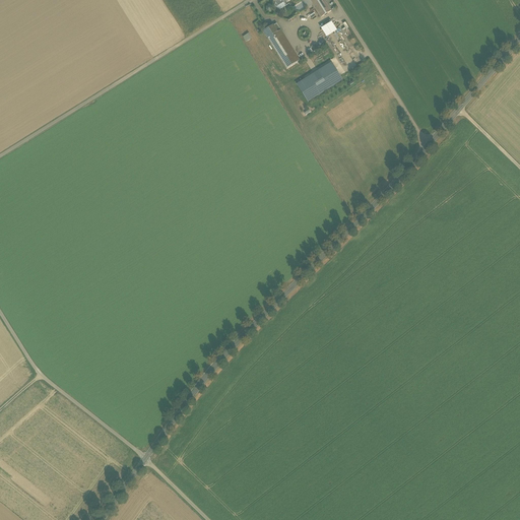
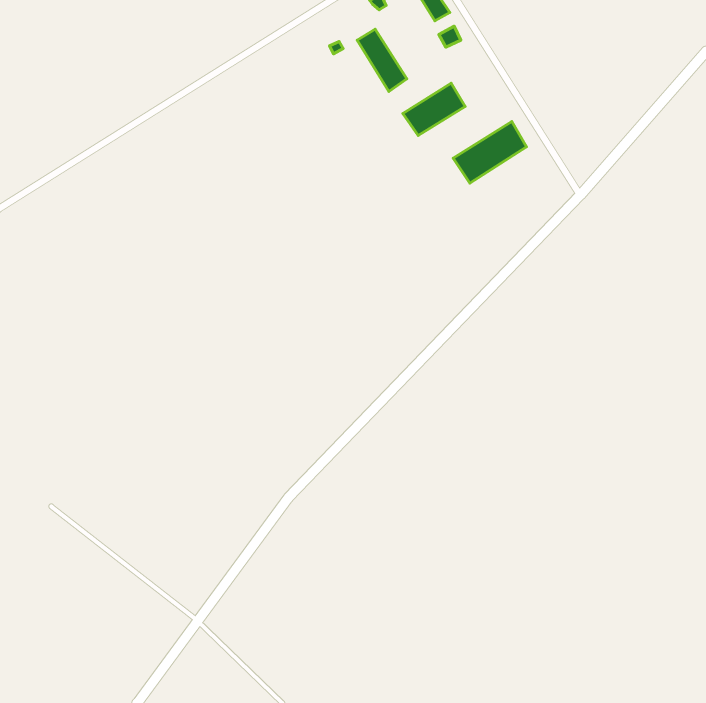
building: none -> [453,121,526,183]

